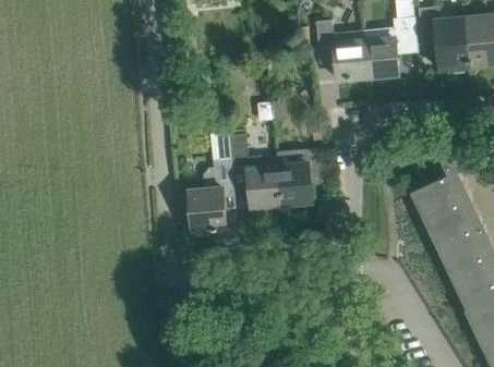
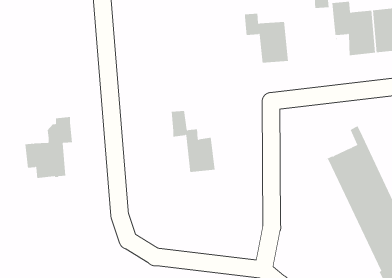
building: [363,19,417,78] -> none
building: [276,150,325,206] -> none
building: [177,160,233,233] -> [25,116,73,179]

